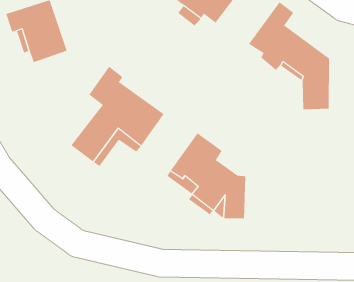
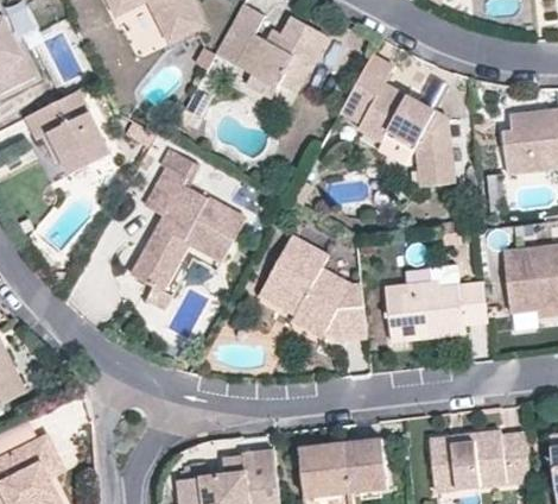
building: none -> [385,279,487,342]

